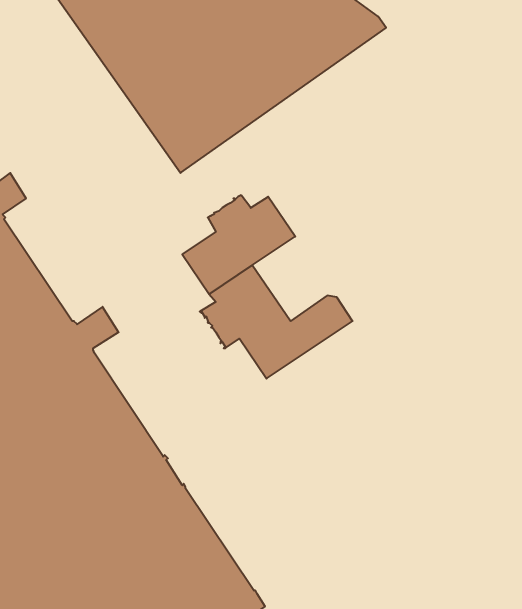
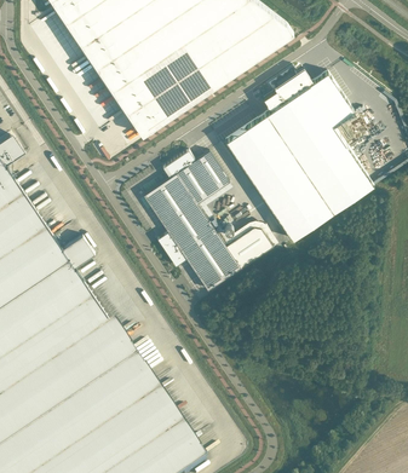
building: none -> [224,71,373,240]

